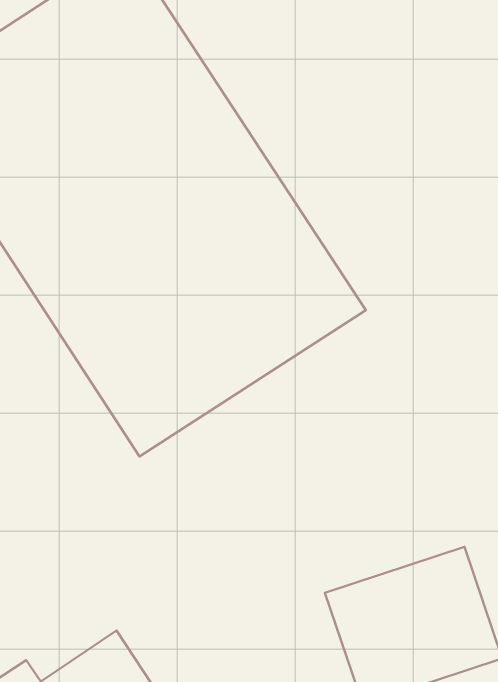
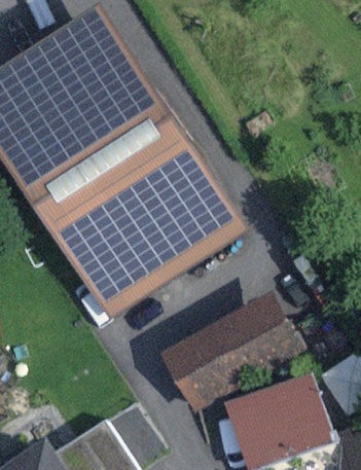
building: none -> [158,290,304,411]

